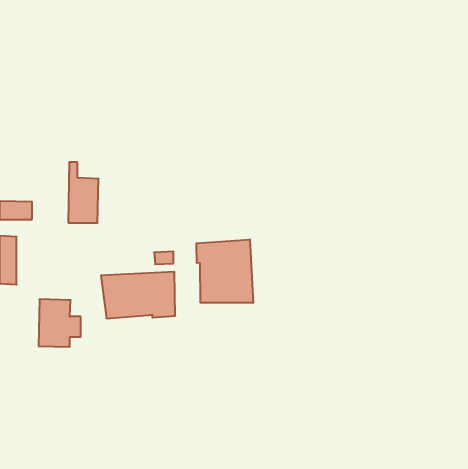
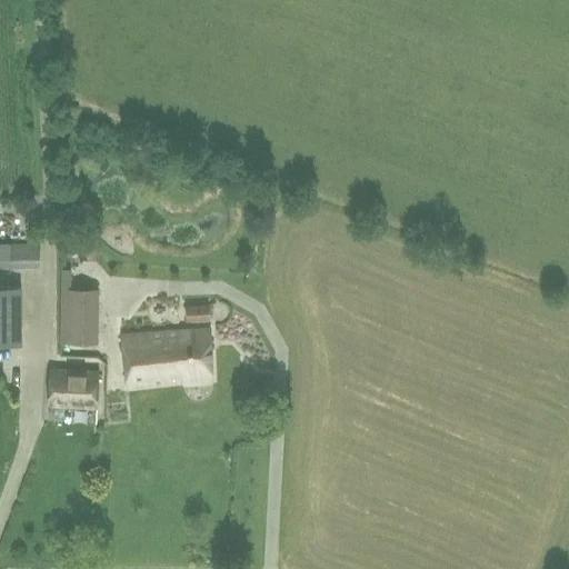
building: [68,162,99,223] -> [61,269,98,342]
building: [197,239,253,303] -> none

